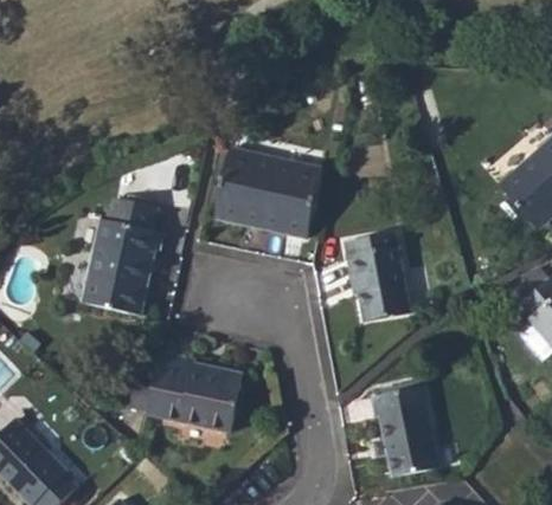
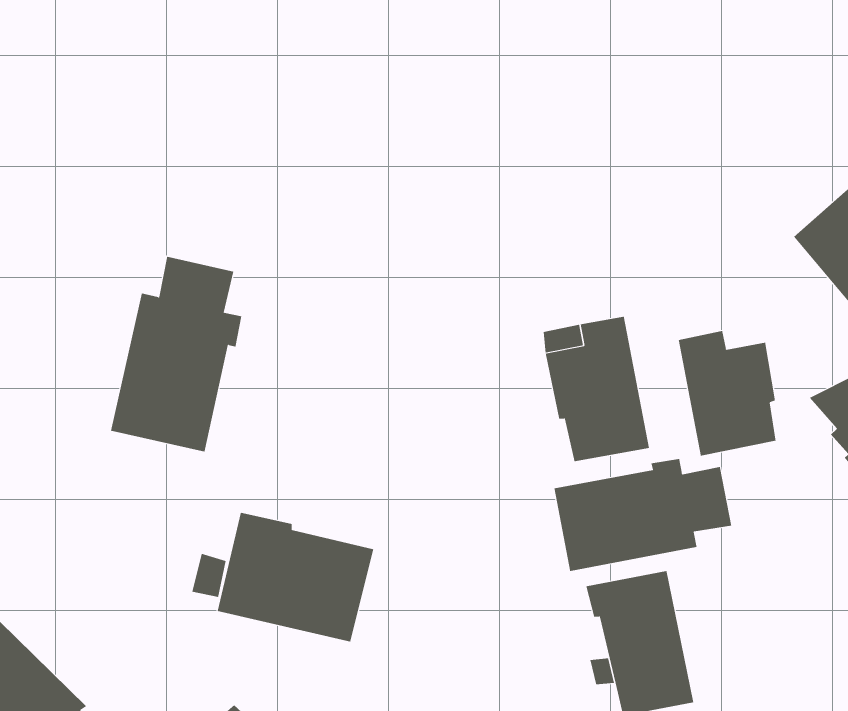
building: [214,149,321,237] -> none
building: none -> [678,330,776,457]
building: none -> [554,458,732,572]

